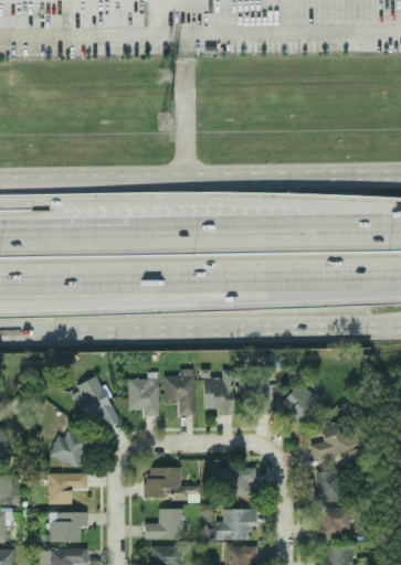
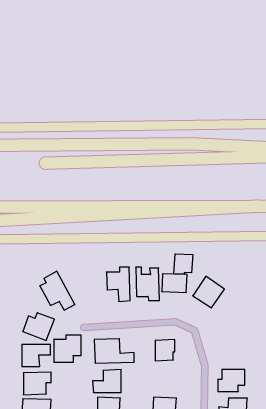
building: none -> [174,254,193,274]
building: [127,373,159,417] -> none
building: [309,422,363,462] -> none
building: none -> [54,335,81,362]
building: [313,471,346,503] -> none
building: [215,509,256,541] -> none

